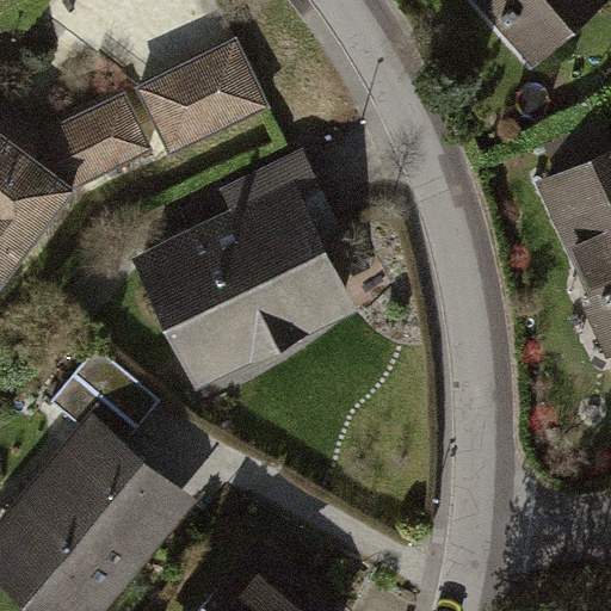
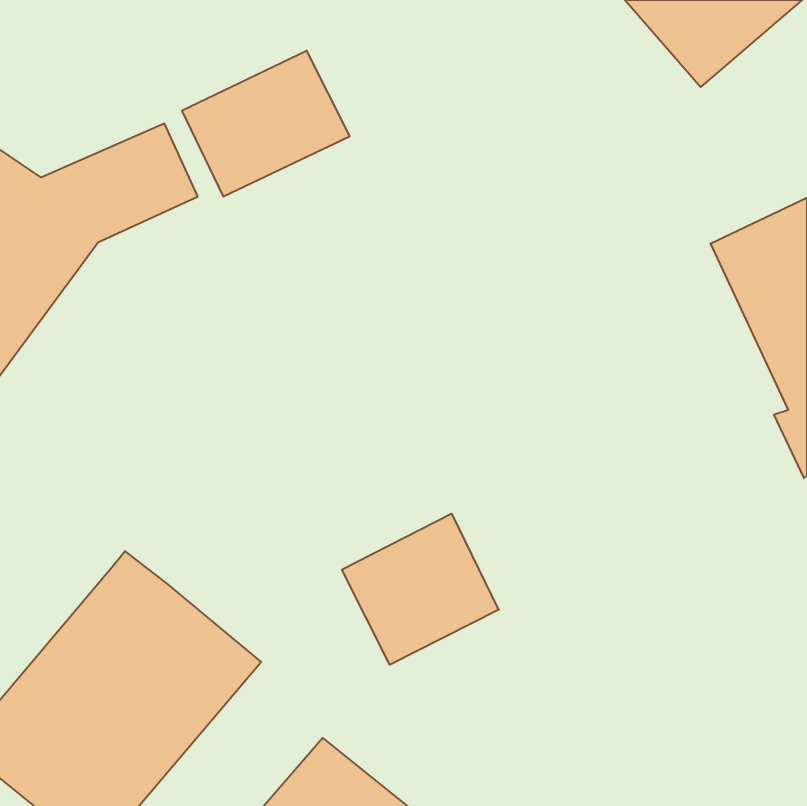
building: [132,150,356,389] -> none
building: [55,352,159,443] -> none
building: none -> [342,514,499,665]

